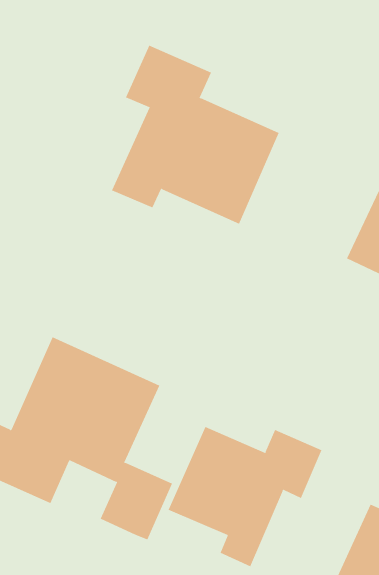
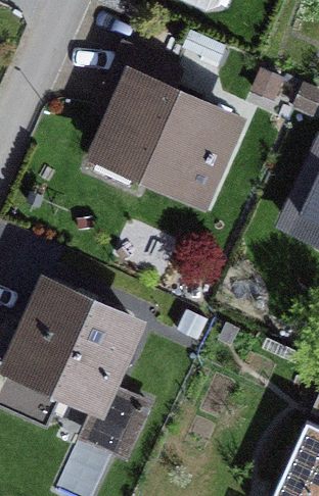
building: [168,426,322,567] -> none

